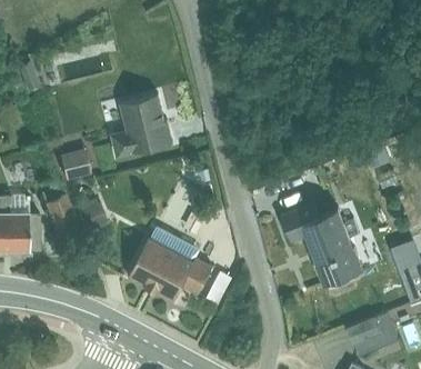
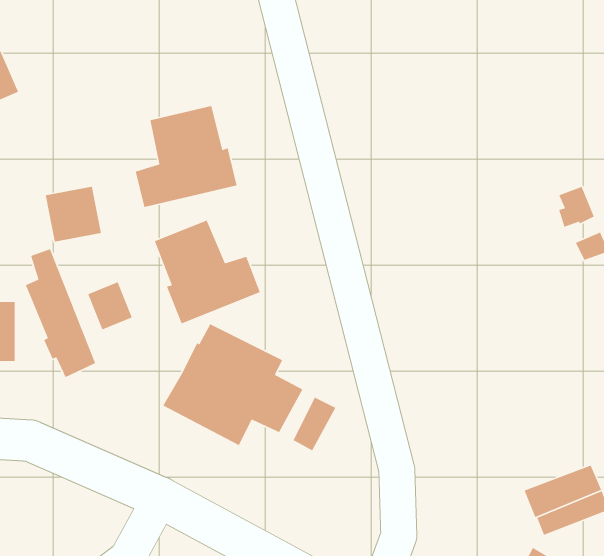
building: none -> [154,220,261,324]
building: [281,202,364,283] -> none

